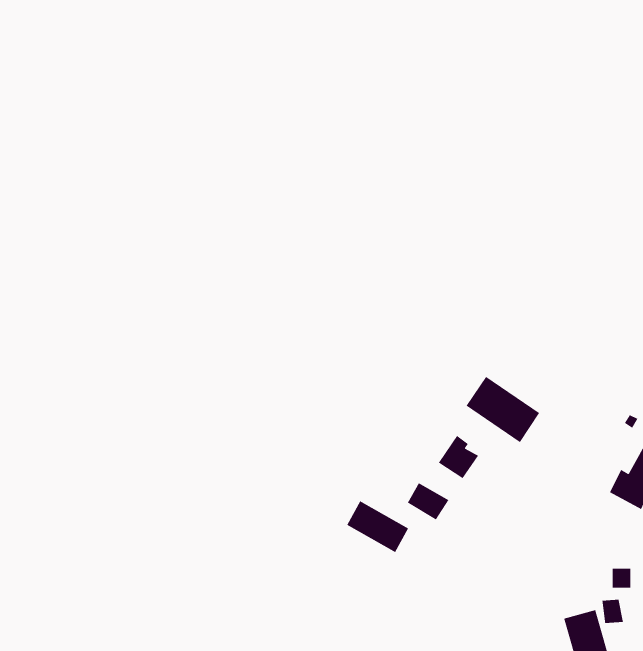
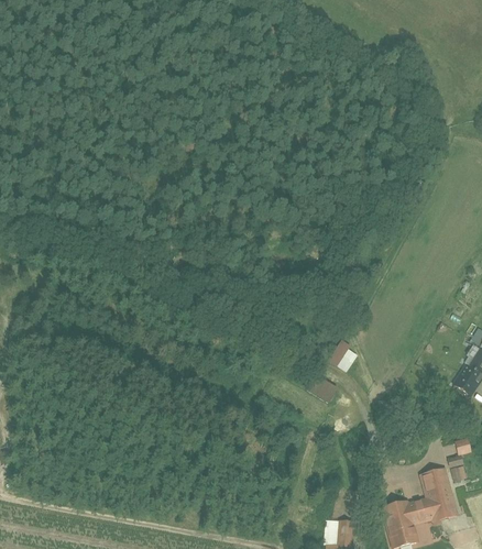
building: [466,376,540,443] -> none
building: [346,500,409,553] -> none

